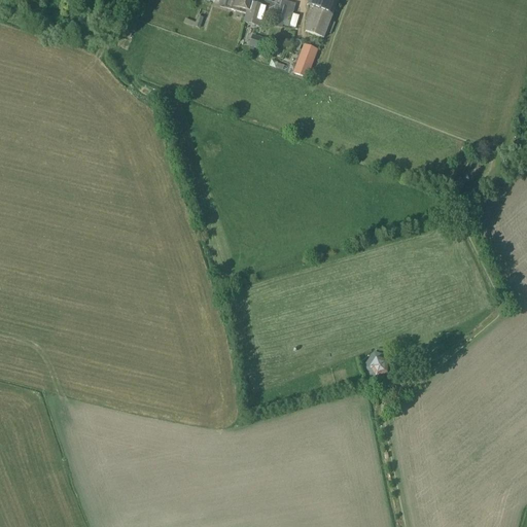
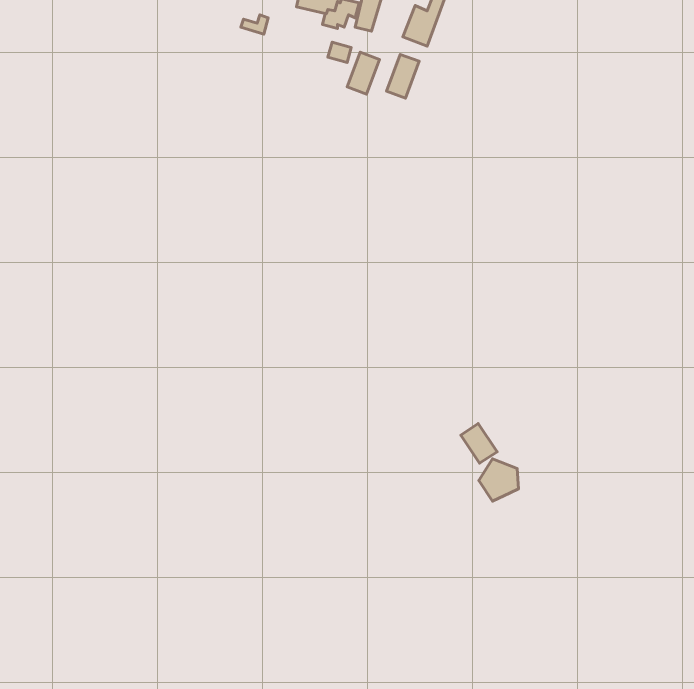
building: none -> [347,52,379,94]
building: none -> [461,424,497,463]

